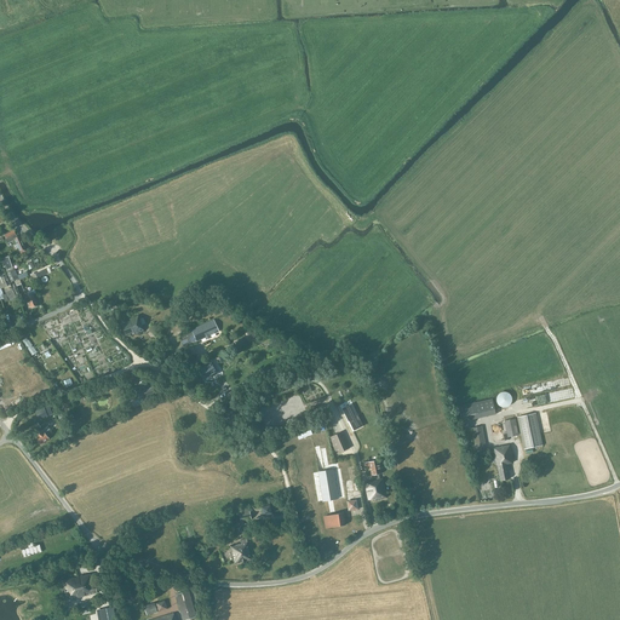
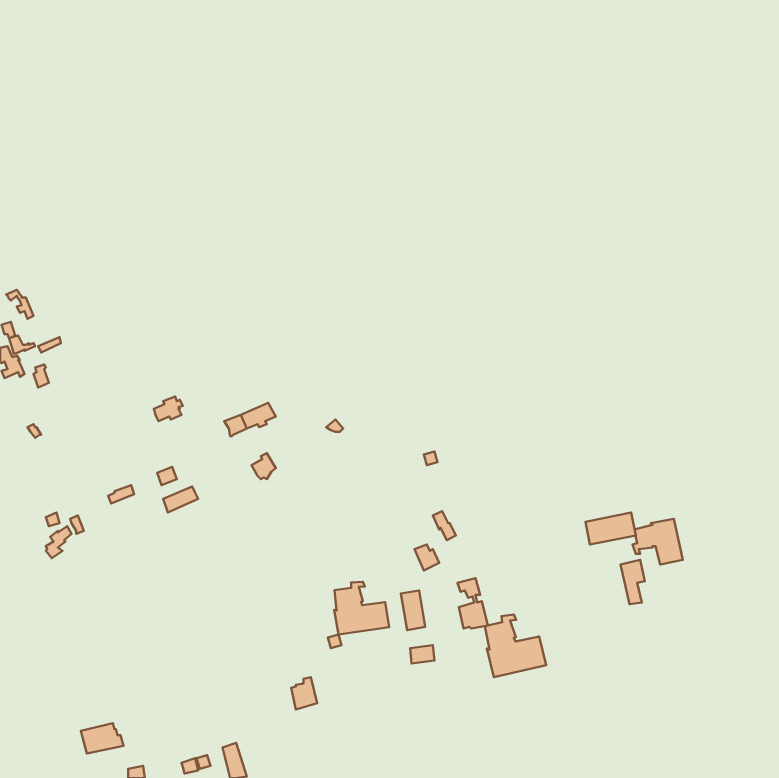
building: none -> [334,582,389,635]
building: none -> [485,615,546,677]

